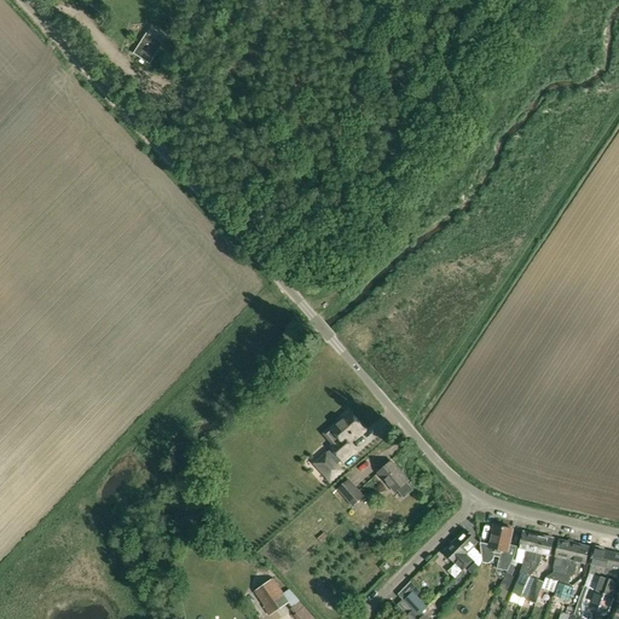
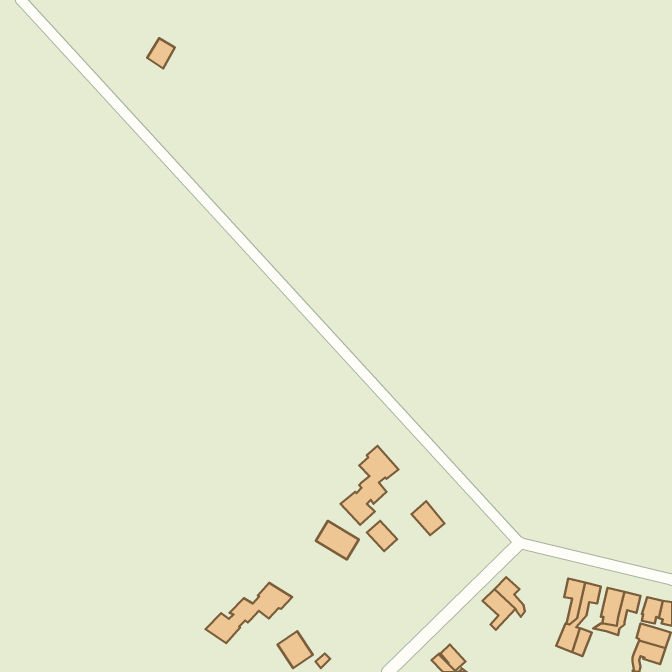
building: none -> [316,521,359,559]
building: [480,525,516,571] -> none
building: none -> [206,583,292,643]

